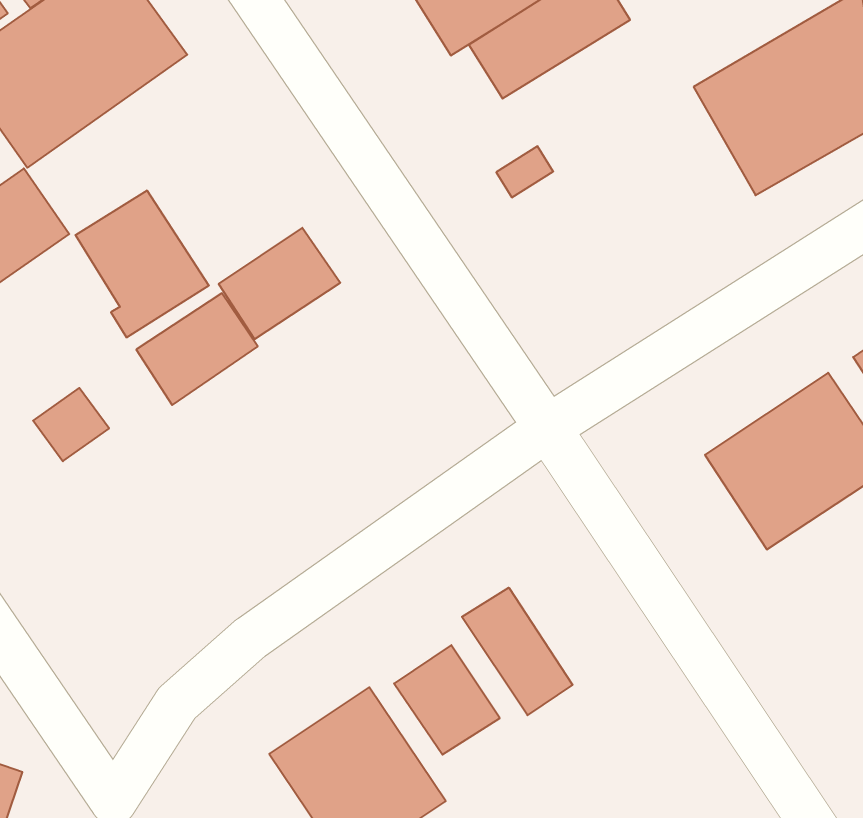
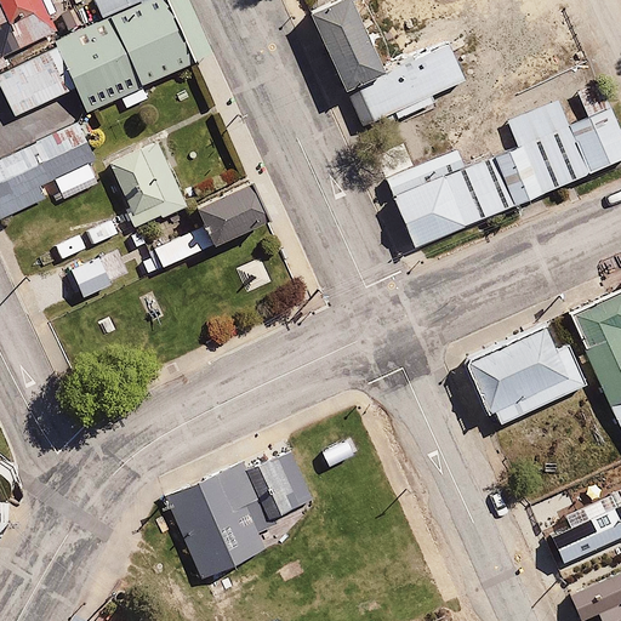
building: none -> [395,150,506,245]
building: [462,588,573,715] -> none

